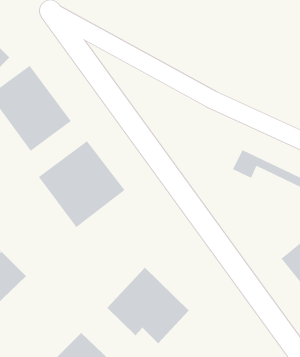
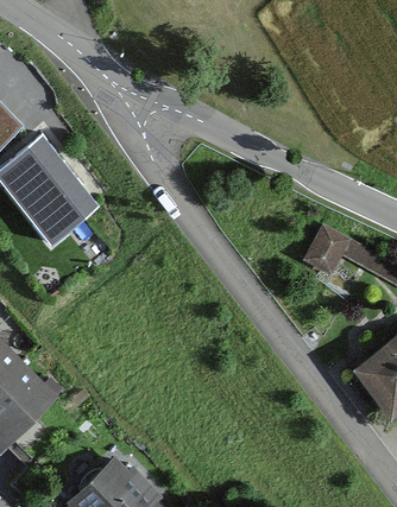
building: [38,140,126,228] -> none
building: [106,267,190,344] -> none

